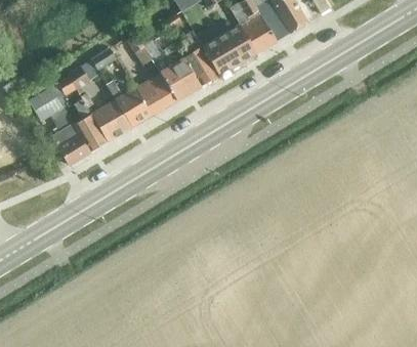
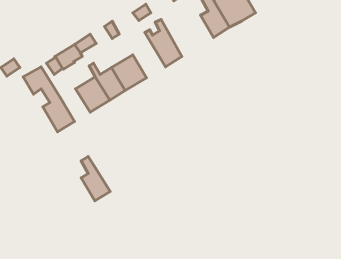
building: [203,27,256,76] -> none
building: [144,39,199,101] -> none
building: [74,100,109,154] -> [81,156,110,201]

